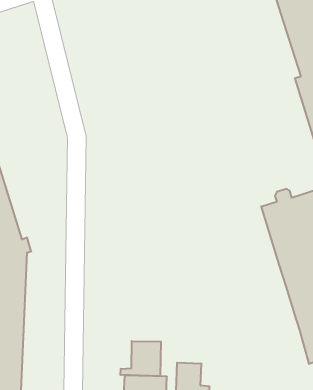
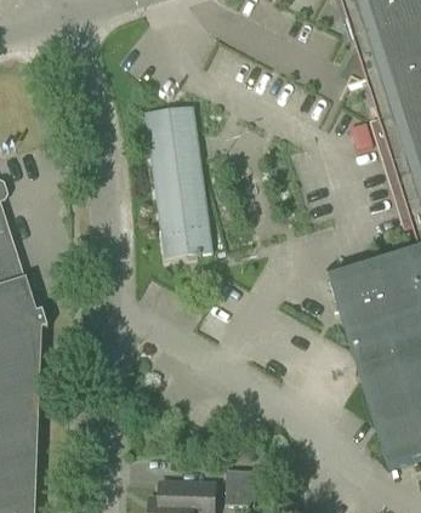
building: none -> [144,104,214,256]
building: [120,341,161,376] -> none

